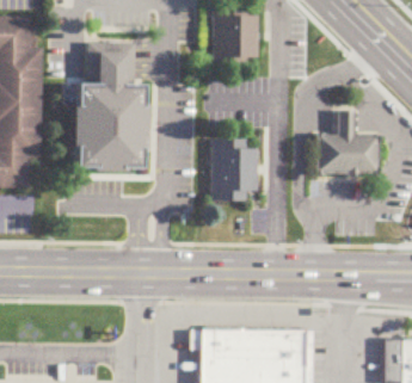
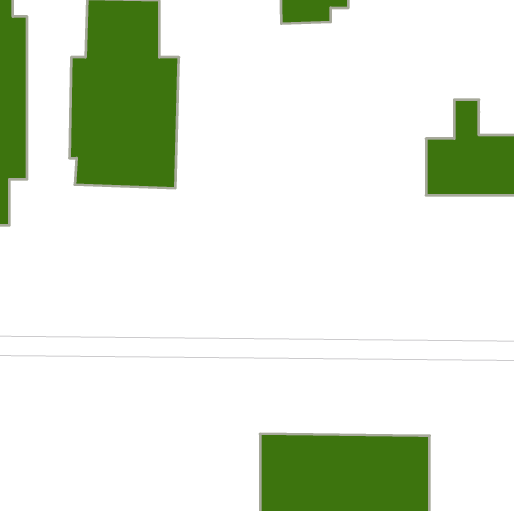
building: [211,140,258,203] -> none

